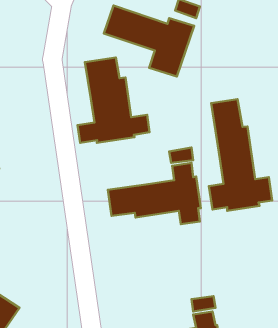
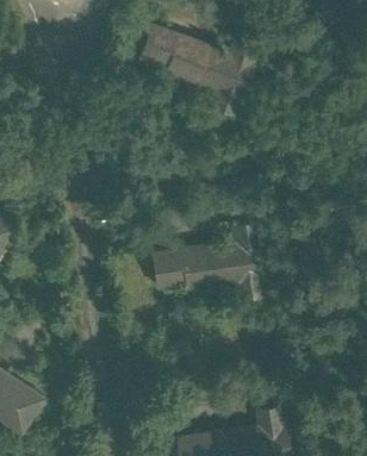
building: [77,57,150,143] -> none
building: [209,99,272,211] -> none

